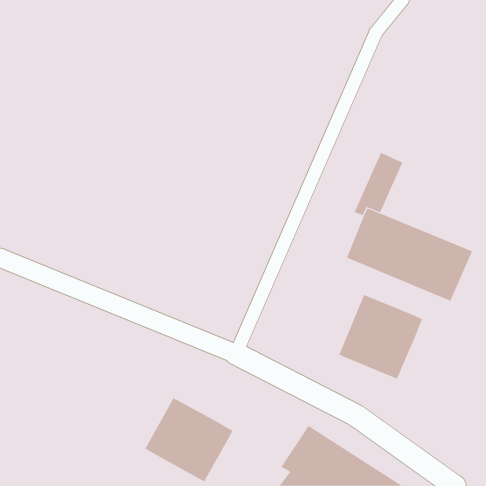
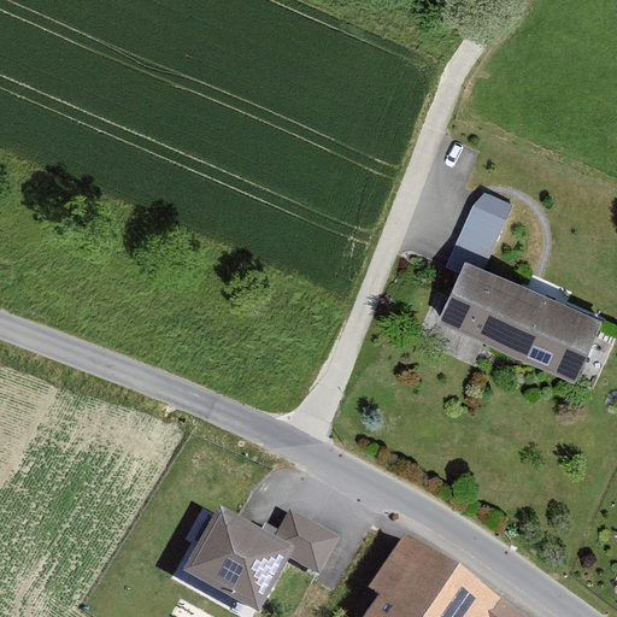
building: [338,294,423,380] -> none
building: none -> [275,507,341,572]

